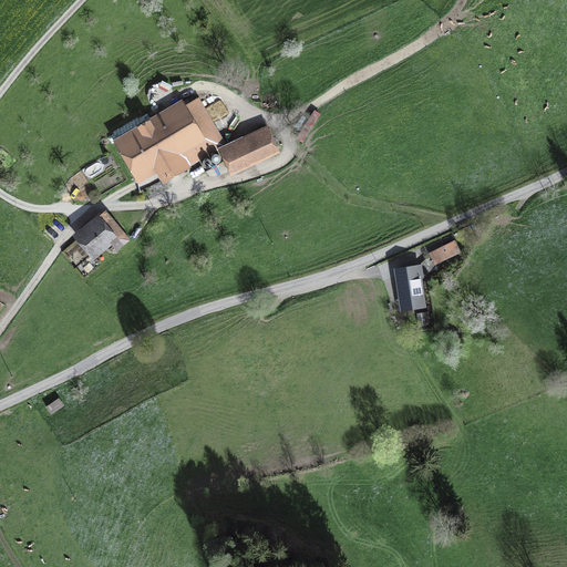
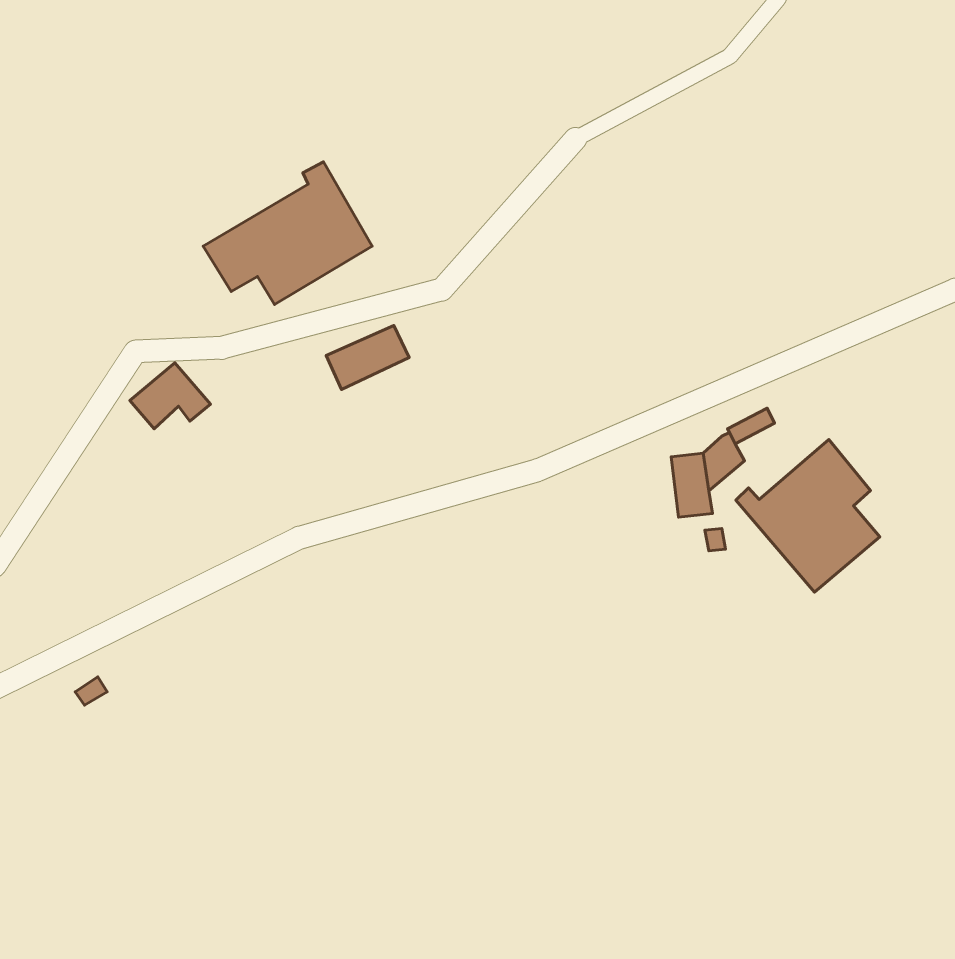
building: [221,130,270,167] -> [326,325,409,389]
building: none -> [736,440,880,592]

